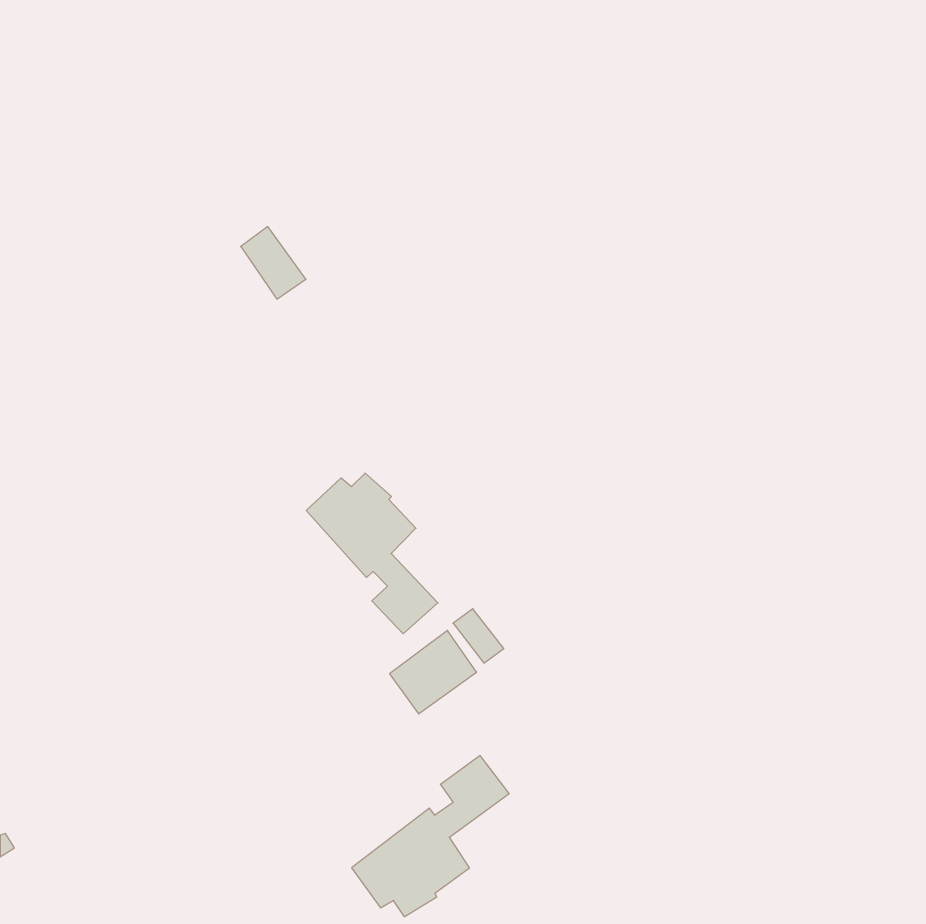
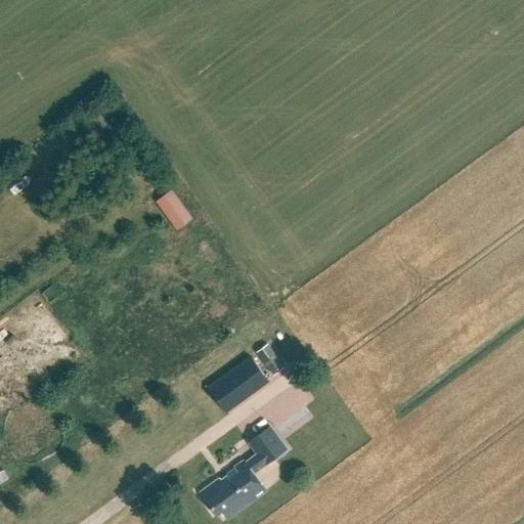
building: [241,227,306,299] -> [156,190,192,231]
building: [306,473,438,634] -> none

